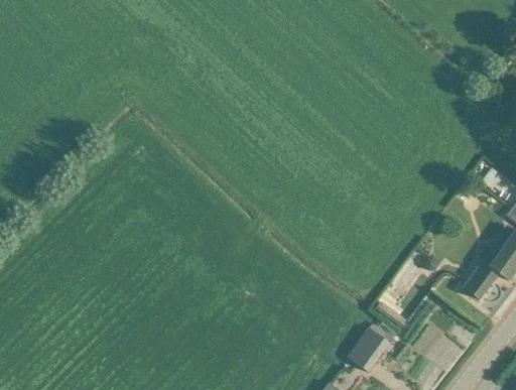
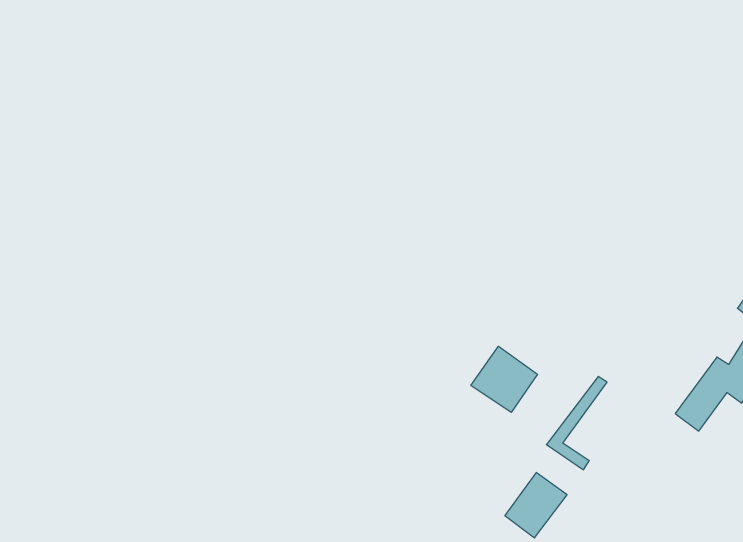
building: none -> [471,346,537,412]

